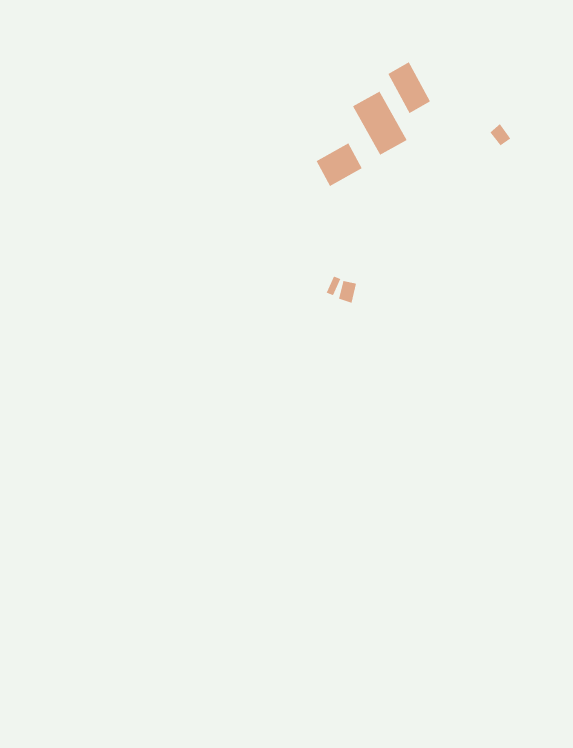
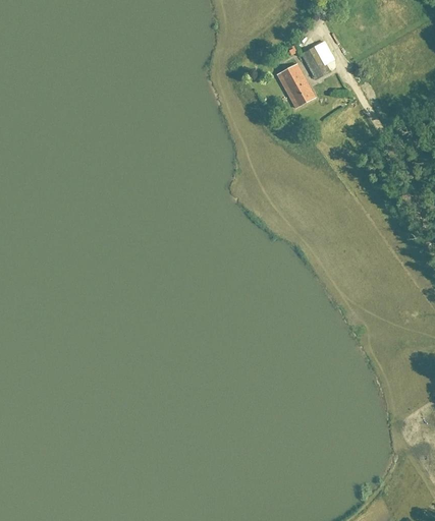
building: [316,143,362,187] -> none

